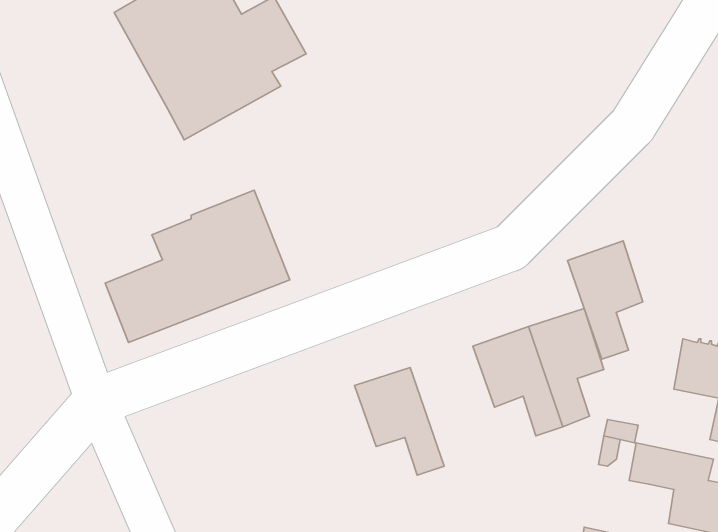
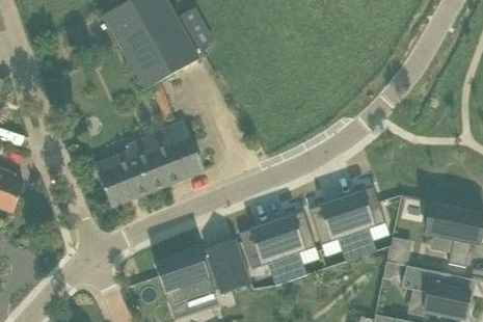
building: [568,241,643,359] -> [273,210,317,278]
building: none -> [154,239,249,312]

